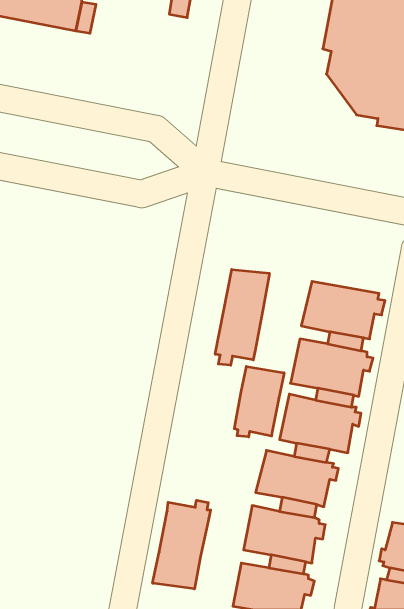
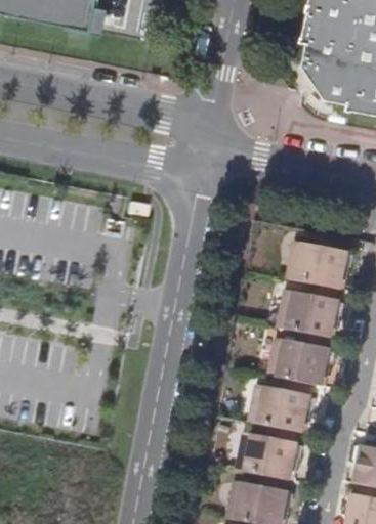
building: [215,269,269,365] -> none
building: [234,366,284,437] -> none
building: [153,500,211,589] -> none

